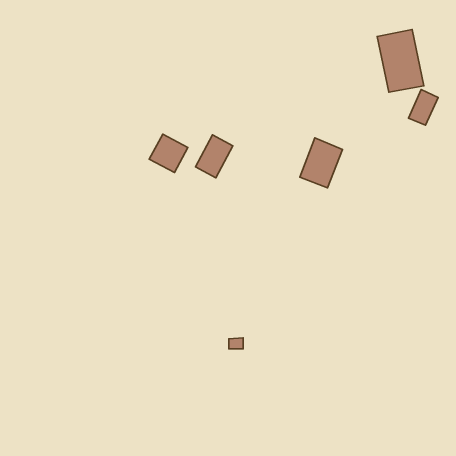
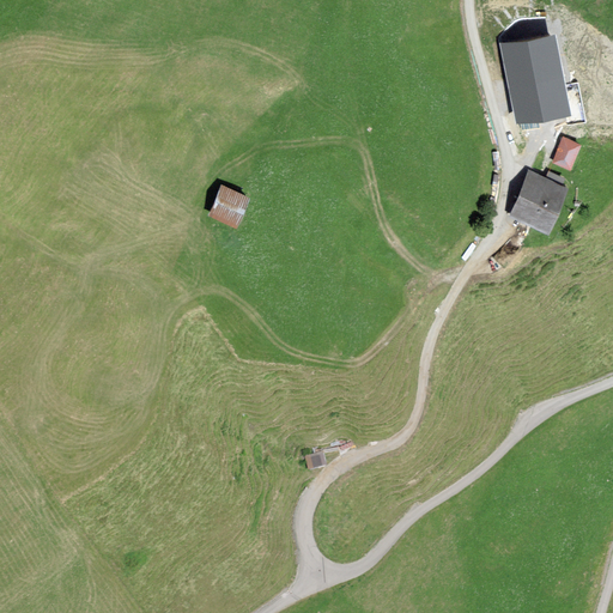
building: [195,135,233,178] -> none
building: [300,138,343,188] -> [509,166,566,233]

